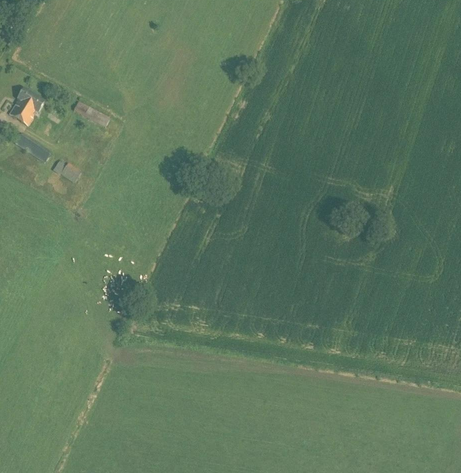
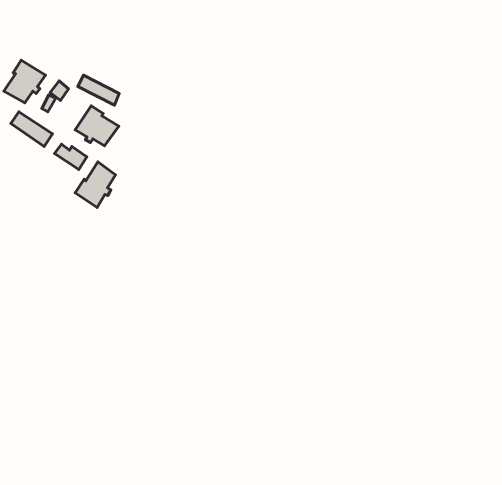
building: none -> [75,106,119,146]
building: none -> [75,162,115,207]

